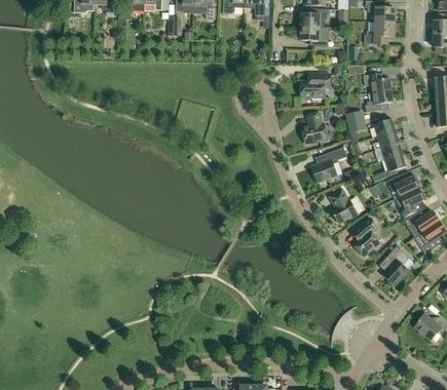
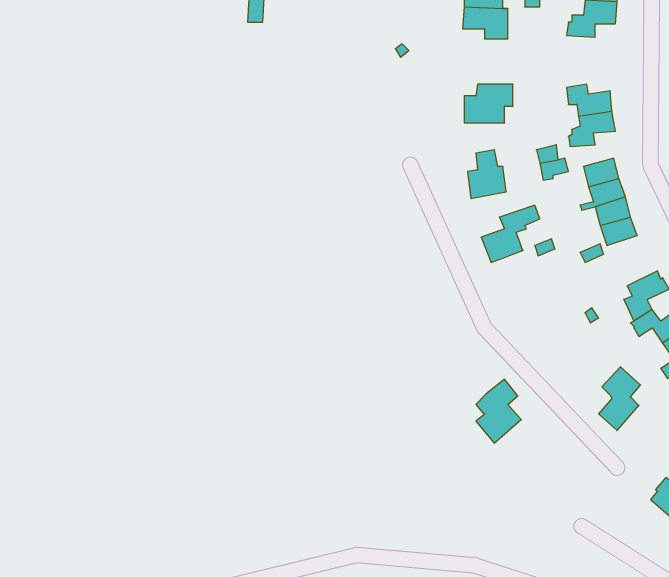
building: [386,174,419,196] -> none
building: [329,188,358,222] -> none
building: [352,217,380,256] -> [476,379,521,443]

